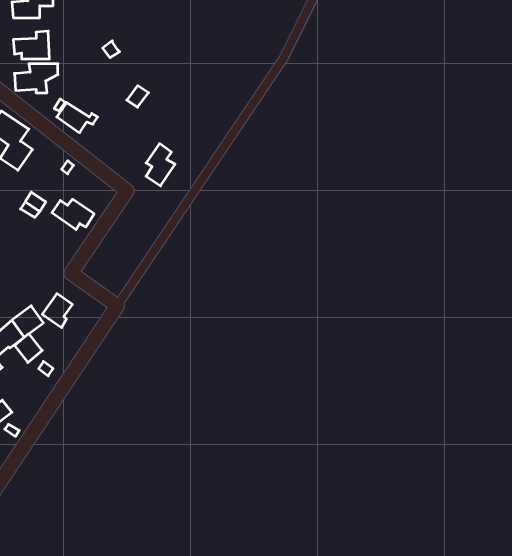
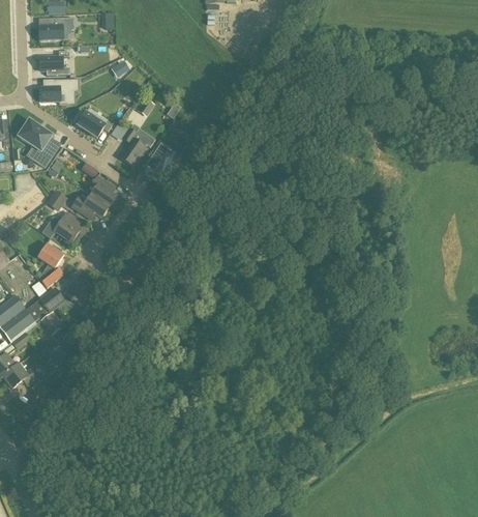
building: none -> [118,121,154,164]
building: none -> [89,174,116,206]
building: none -> [53,210,80,241]
building: none -> [36,241,63,286]

